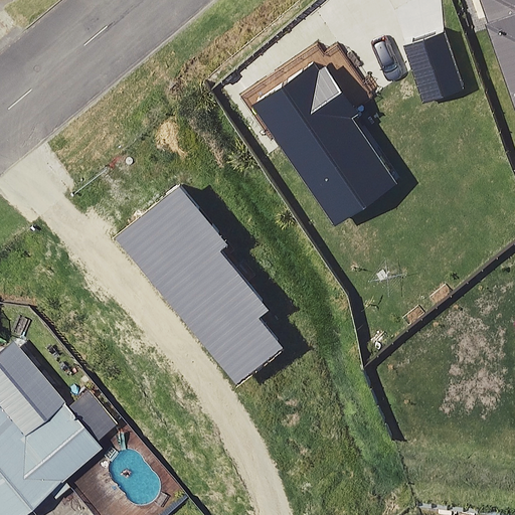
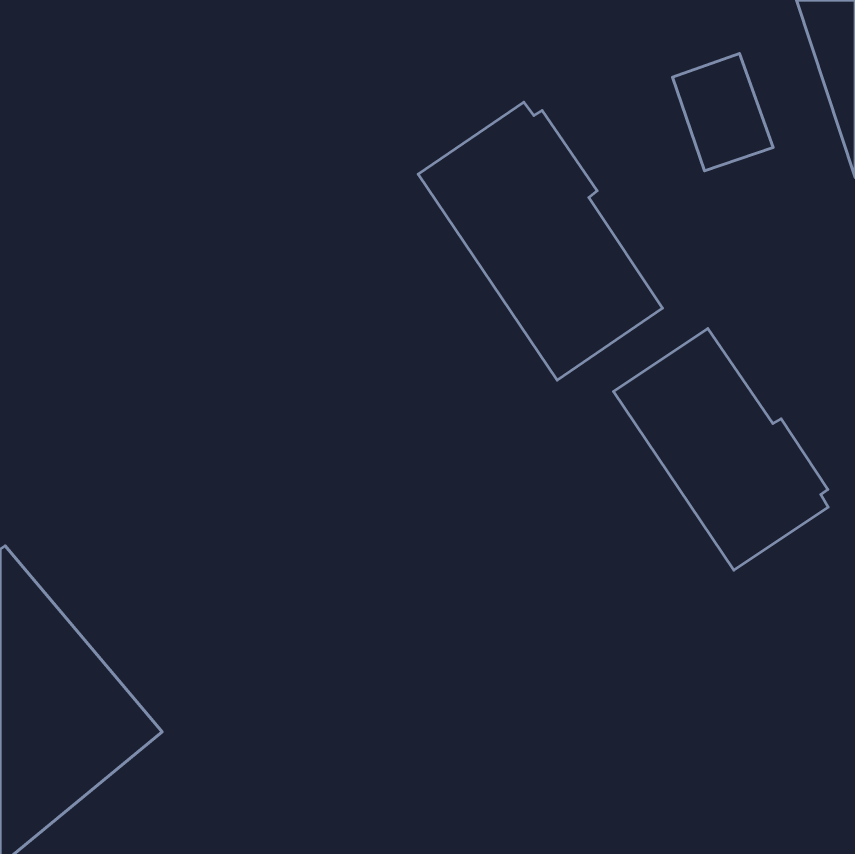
building: [116,186,284,386] -> none
building: none -> [613,329,828,570]

